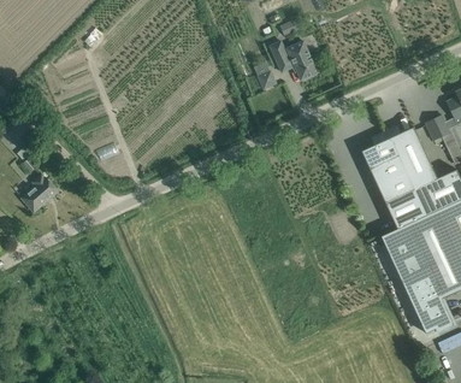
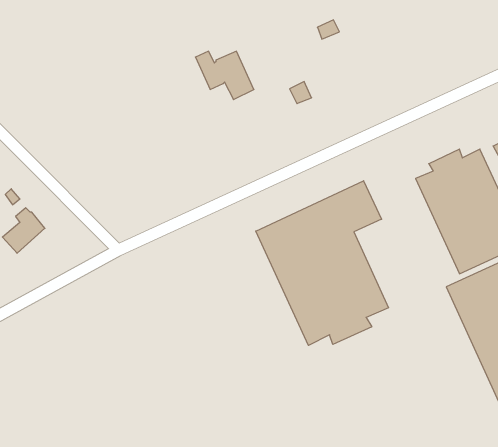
building: [270,41,318,81] -> [195,51,254,100]
building: none -> [256,181,389,345]

